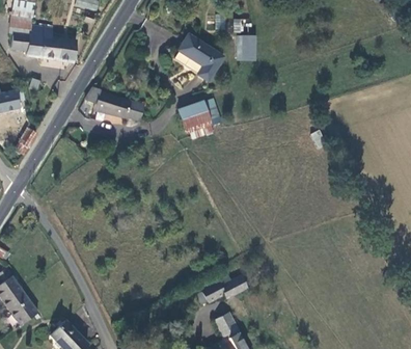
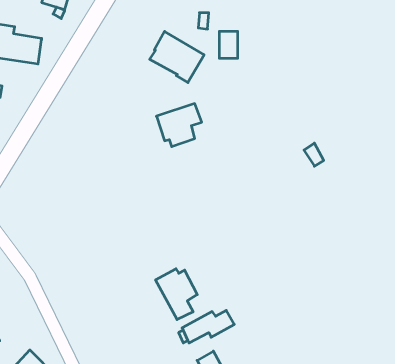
building: [83,88,142,120] -> none
building: none -> [156,269,197,320]

